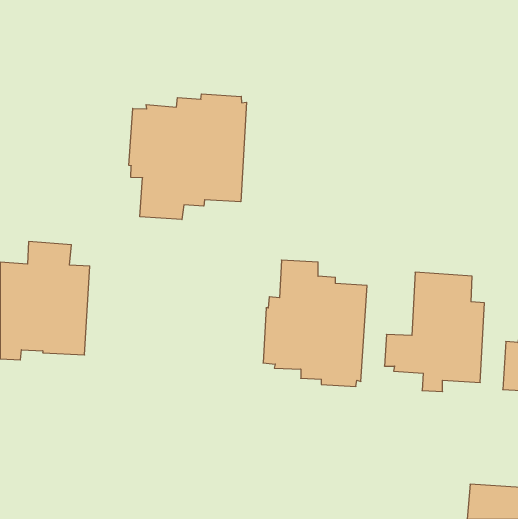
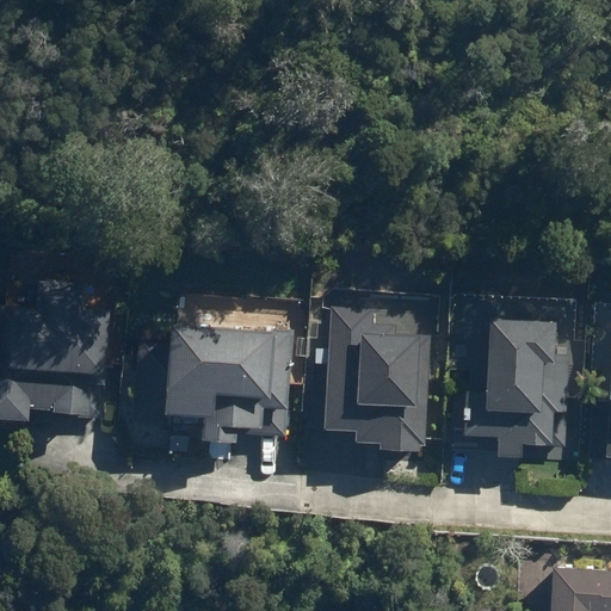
building: [129,94,246,220] -> none
building: none -> [135,323,297,444]

